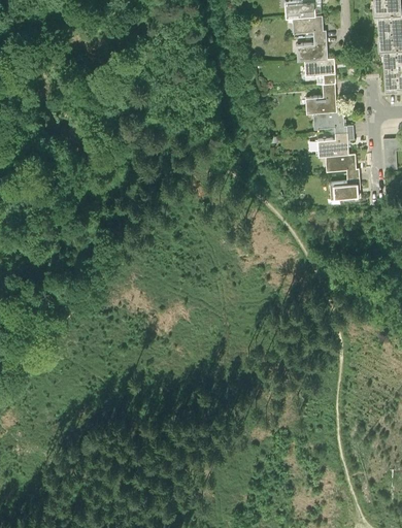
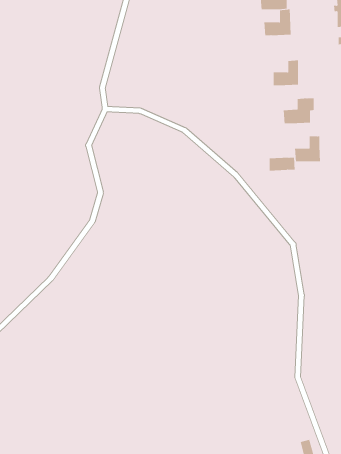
building: [305,58,336,87] -> none
building: [313,113,345,129] -> none
building: [327,156,357,171] -> [269,157,296,171]

